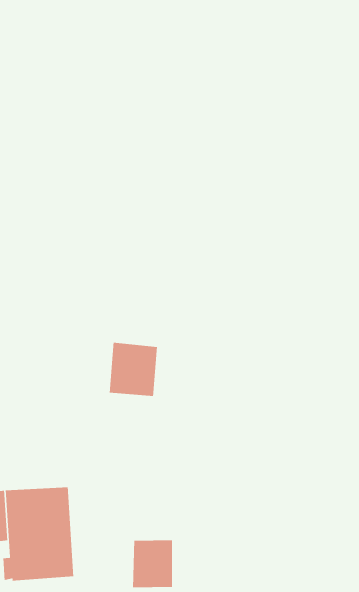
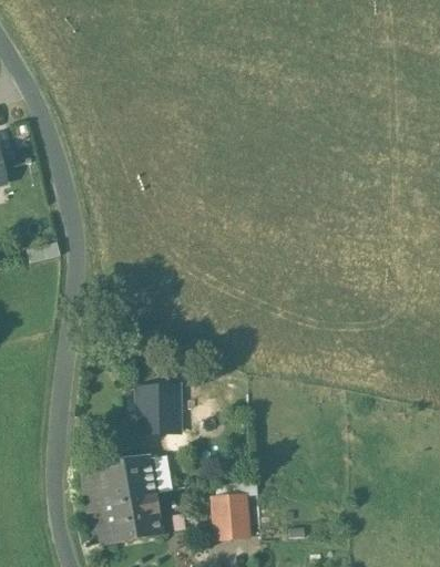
building: [109,342,158,397] -> [136,385,177,431]

